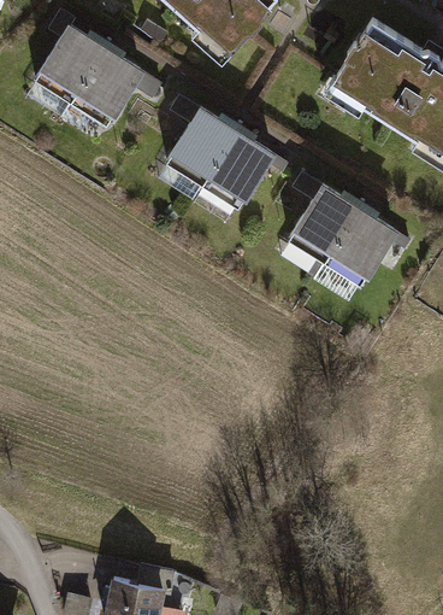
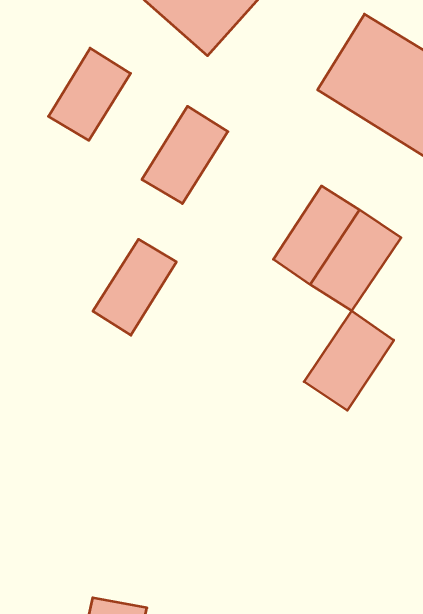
building: [30,23,111,113] -> none
building: [199,128,278,219] -> [93,239,176,335]
building: none -> [304,311,394,410]

